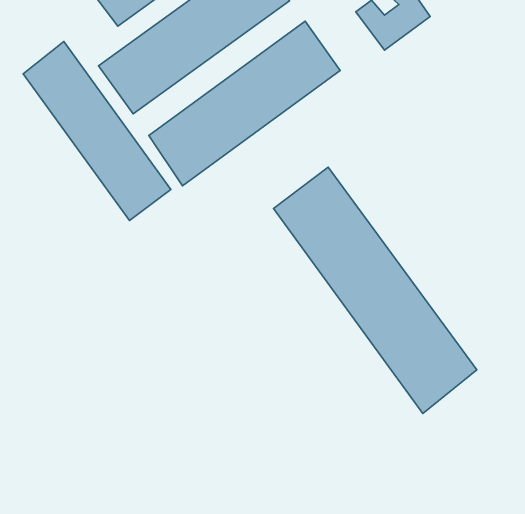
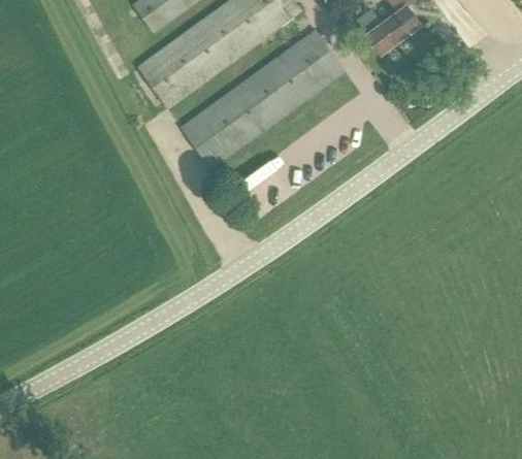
building: [23,42,171,221] -> none
building: [273,167,477,413] -> none

